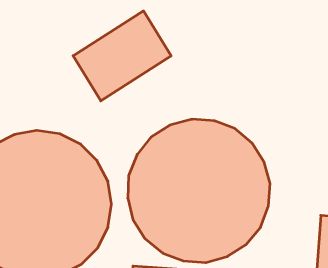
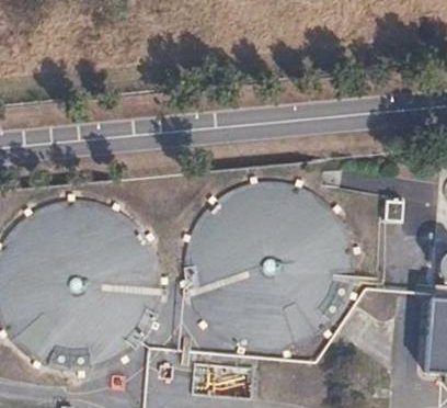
building: [73,11,171,101] -> none

